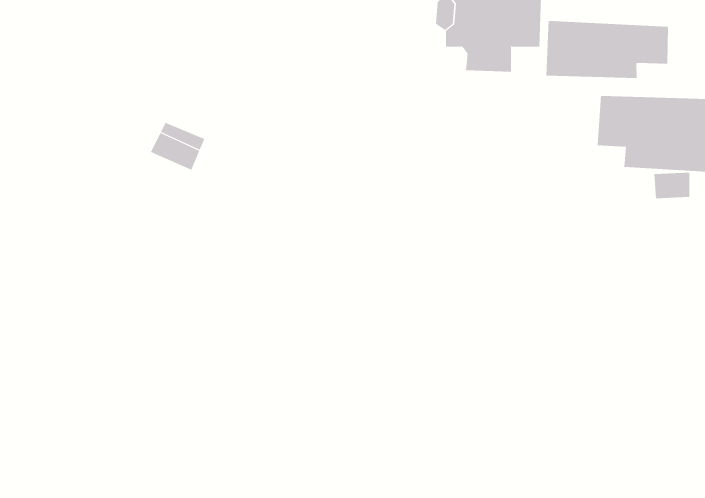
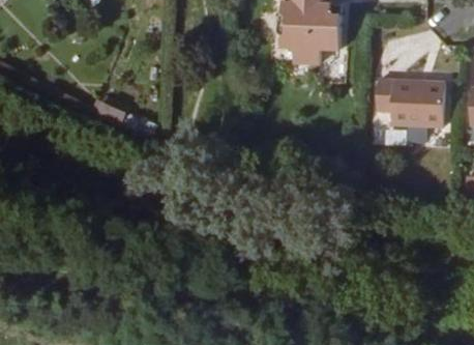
building: [546,20,668,79] -> none

